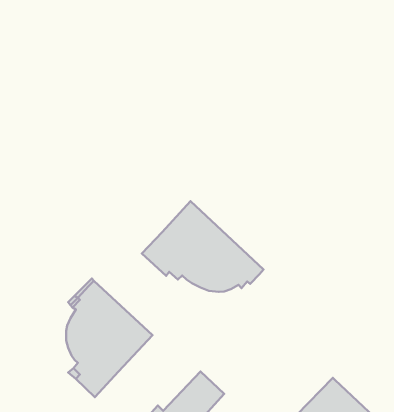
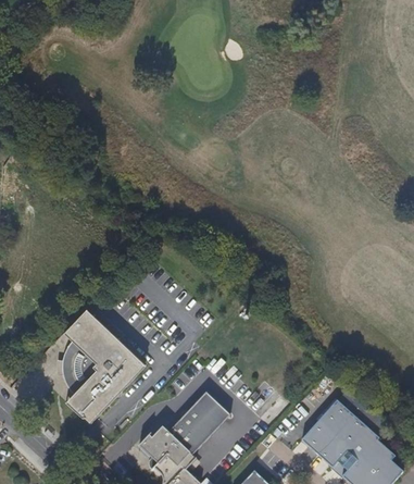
building: [142,201,263,292] -> none

